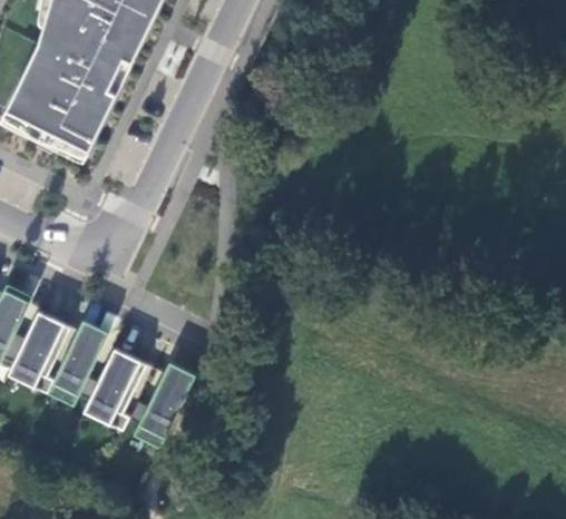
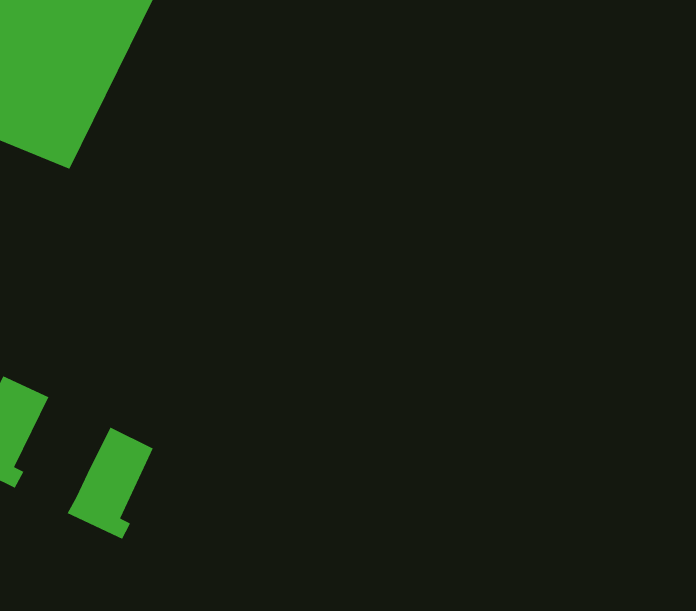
building: [46,319,108,404] -> none
building: [128,361,194,447] -> none

